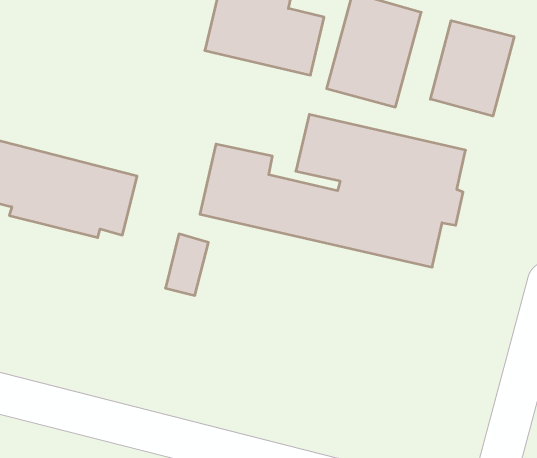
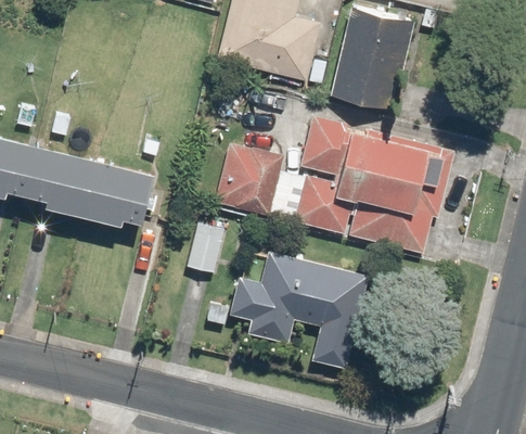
building: [430,21,514,116] -> none
building: none -> [232,253,367,368]

